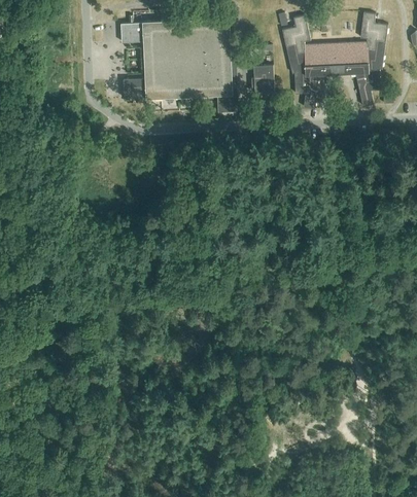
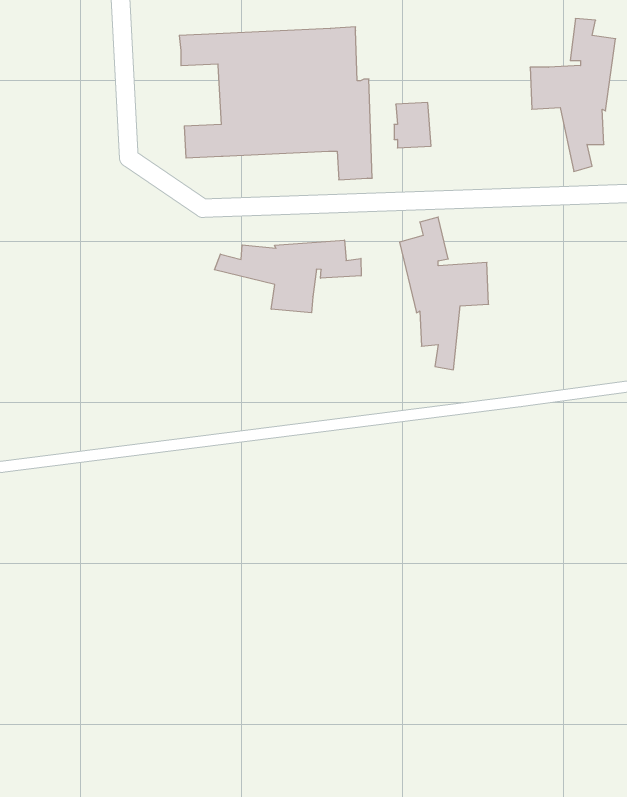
building: [281,14,336,108] -> [400,217,489,370]
building: none -> [214,240,361,313]

